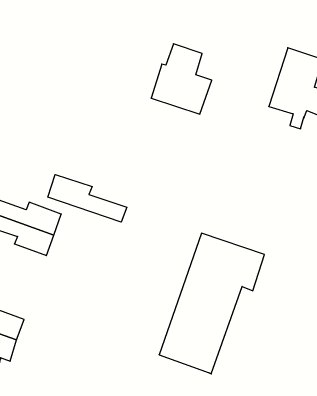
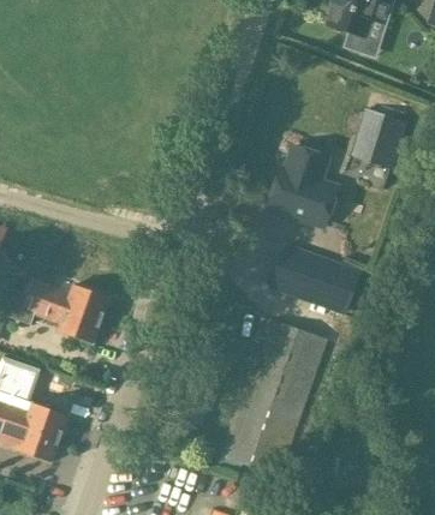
building: [151,44,212,114] -> [268,145,336,224]
building: none -> [270,244,359,312]
building: [48,175,127,222] -> none

